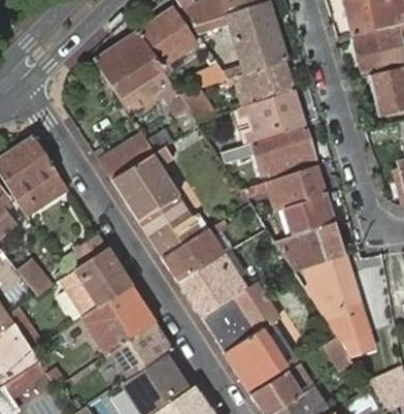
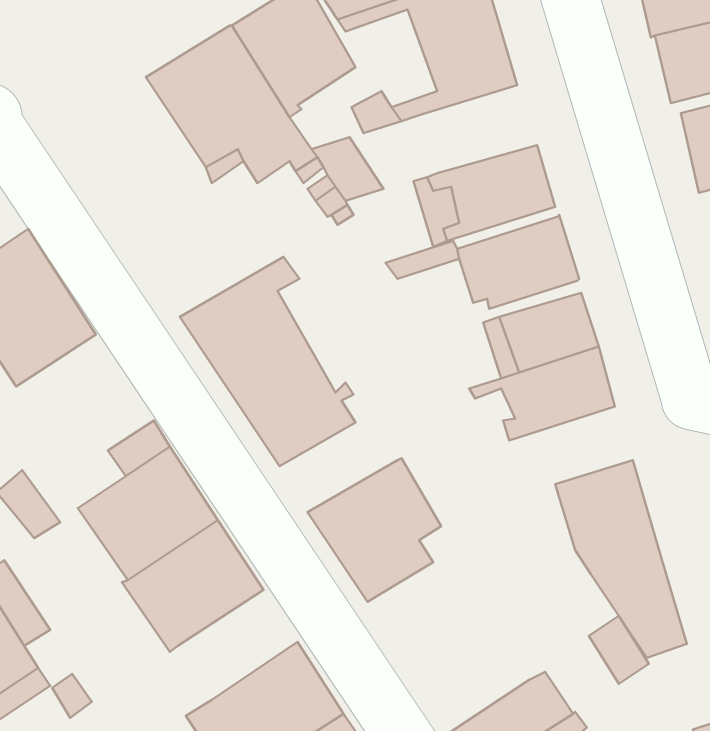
building: [235,61,296,106] -> none
building: [98,126,176,181] -> none
building: [278,227,345,270] -> none
building: [163,230,224,282] -> none
building: [208,284,294,390] -> none
building: [110,322,172,379] -> none

